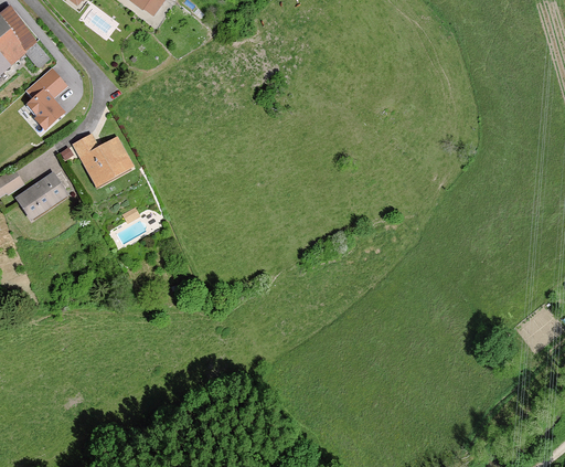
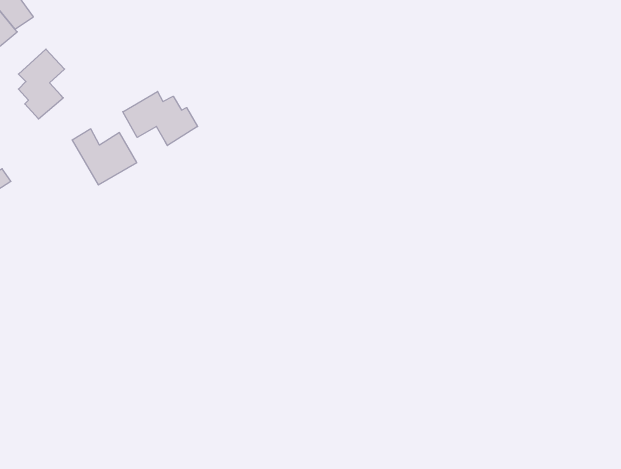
building: none -> [123,91,198,146]
building: [15,177,64,220] -> none

